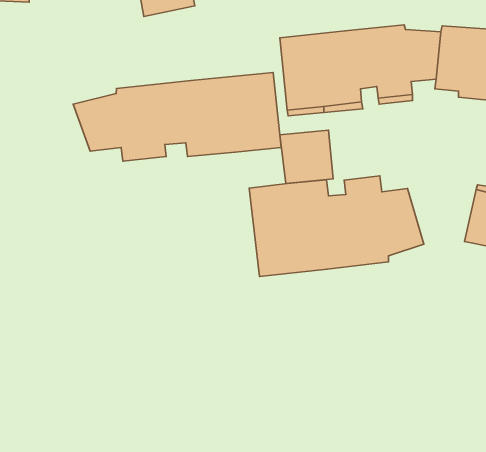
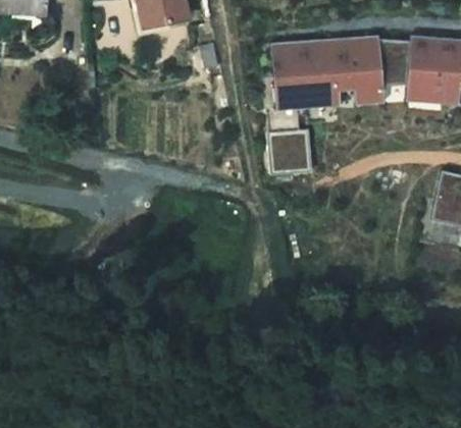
building: [73,73,281,161] -> none
building: [249,176,424,277] -> none

